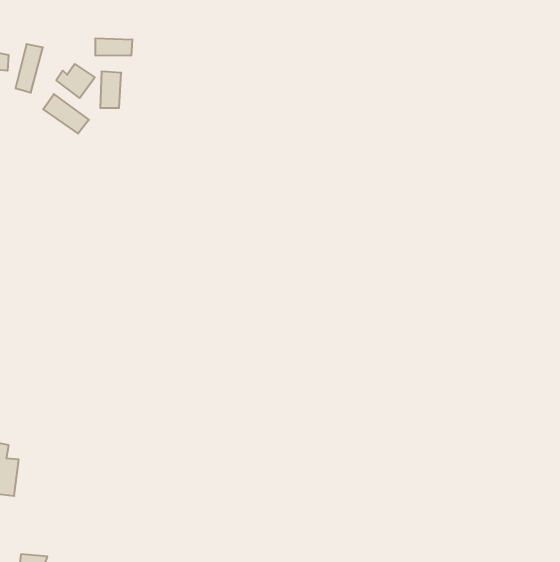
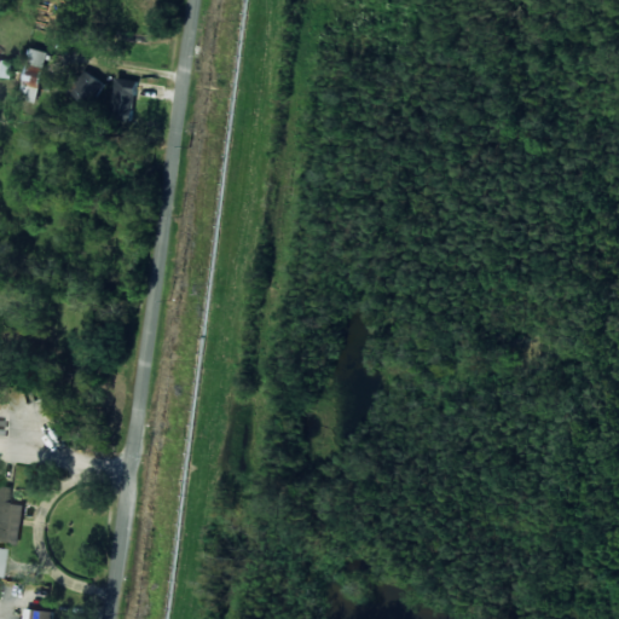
building: [96,38,132,56] -> none
building: [43,94,89,134] -> none

